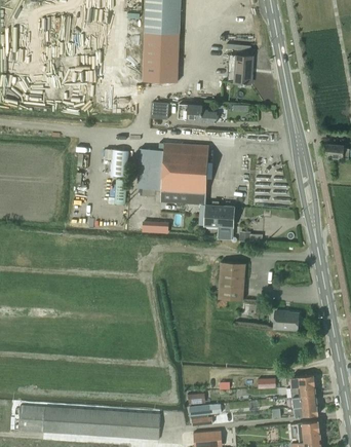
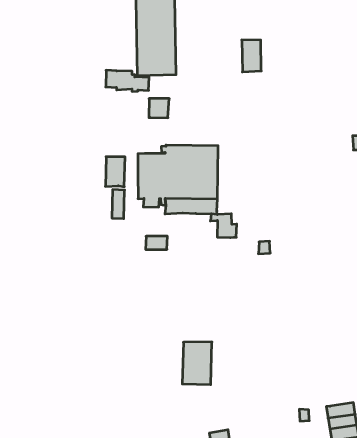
building: [179,104,217,123] -> [106,70,149,91]
building: [205,202,235,239] -> none
building: [219,262,246,300] -> [182,342,212,385]
building: [275,311,299,329] -> none

